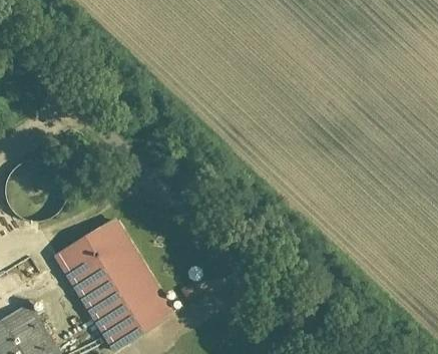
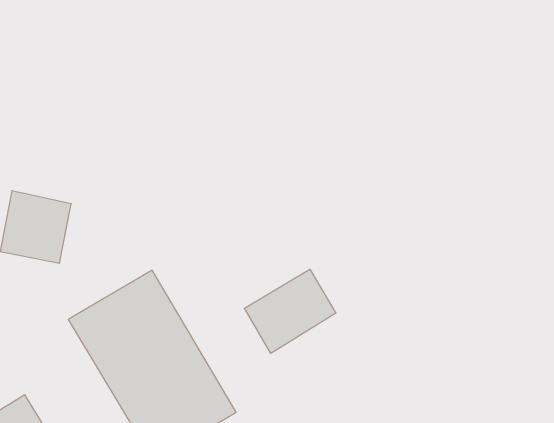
building: none -> [244,269,336,353]

